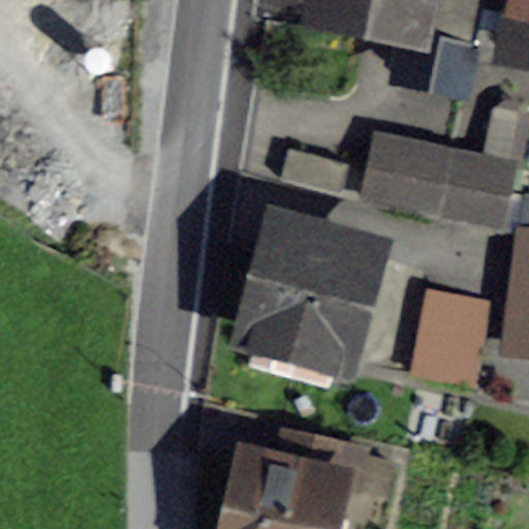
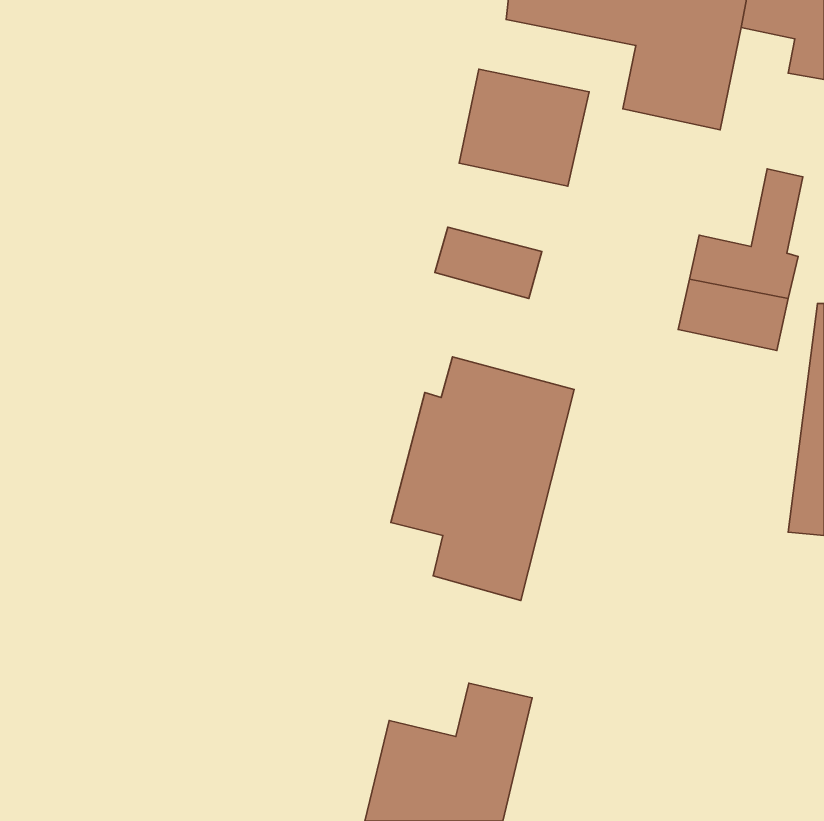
building: [363,135,445,210] -> [459,69,589,186]
building: [412,286,487,382] -> none

